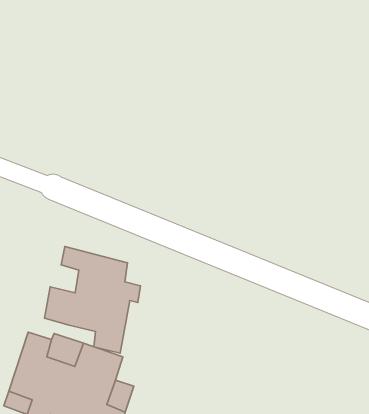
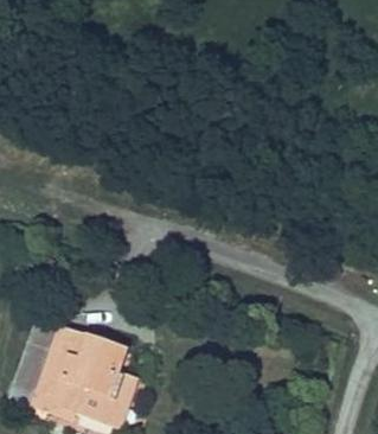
building: [45,247,140,353] -> none

